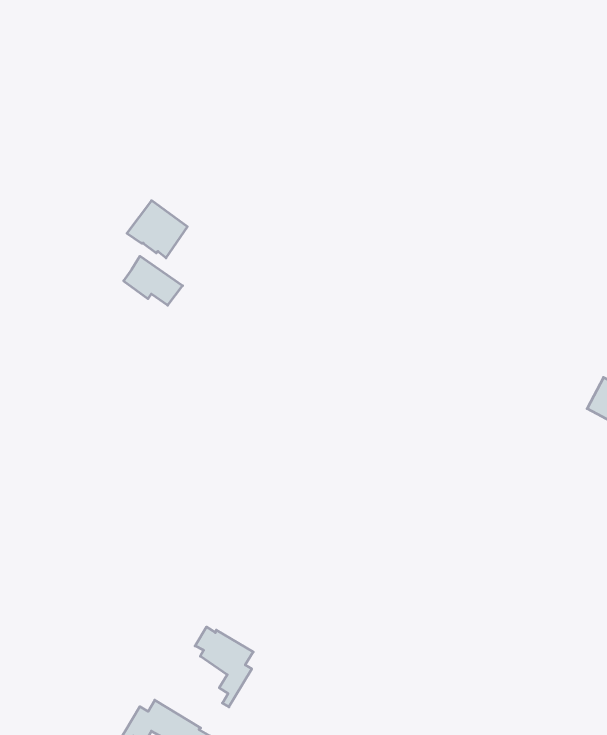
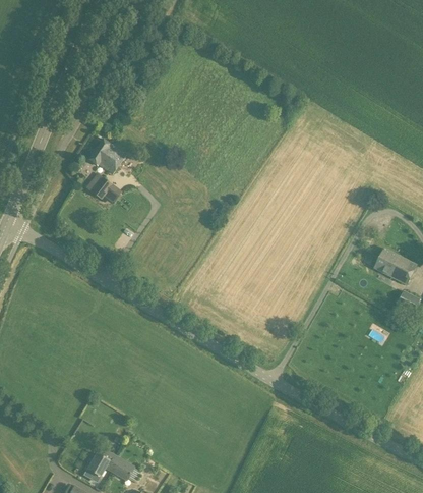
building: [195,627,253,707] -> none

